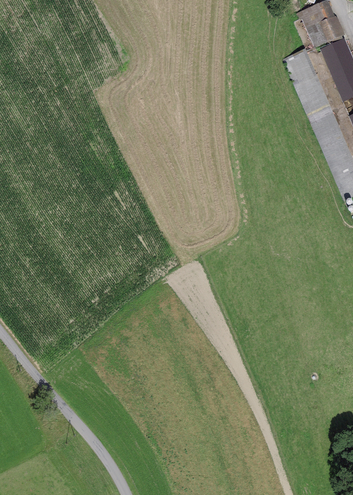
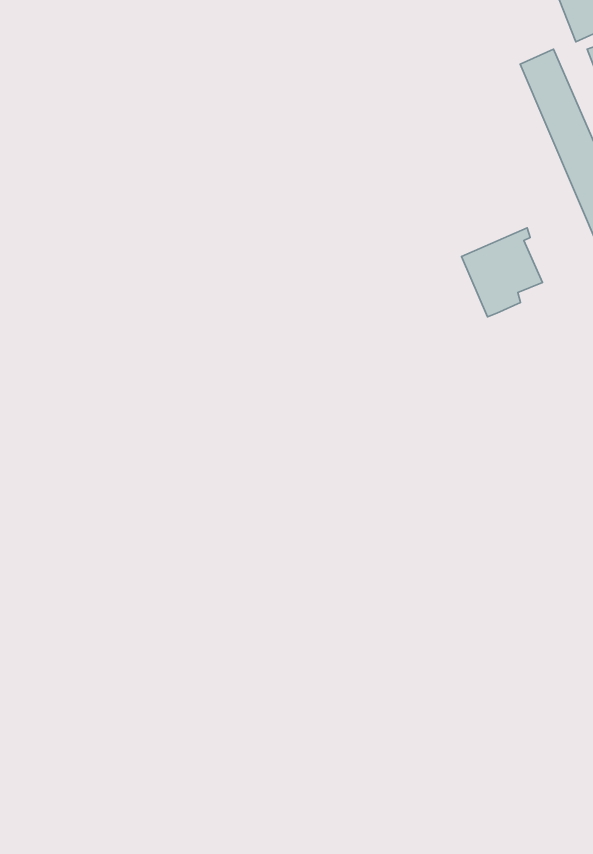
building: none -> [461,228,543,317]

